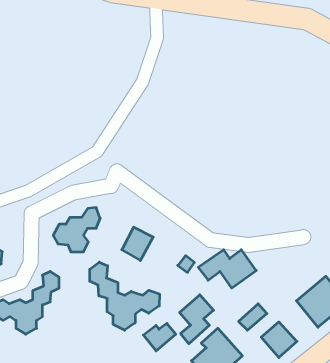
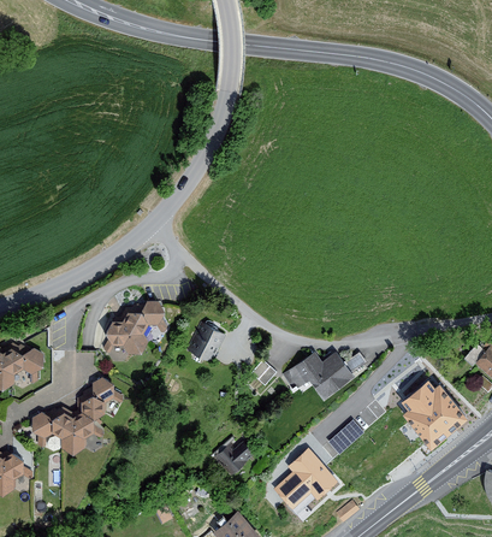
building: [90,262,159,330] -> none
building: [180,295,214,344] -> none
building: [261,322,297,358] -> none

